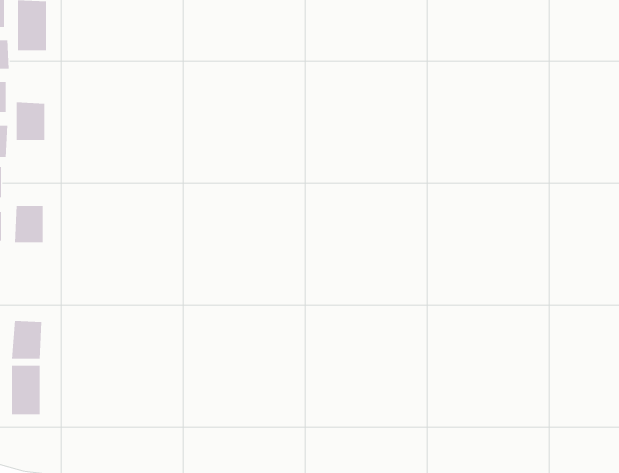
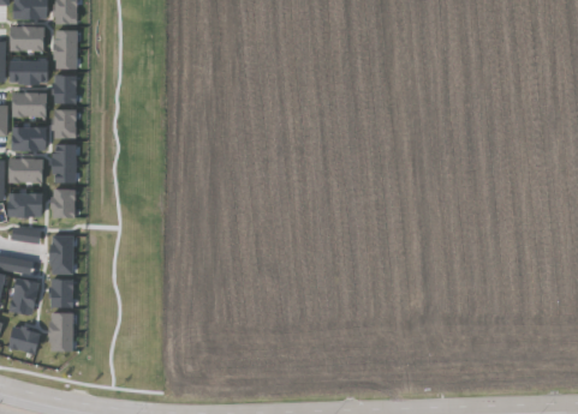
building: none -> [53,74,76,103]
building: none -> [53,144,76,182]
building: none -> [50,234,73,274]

